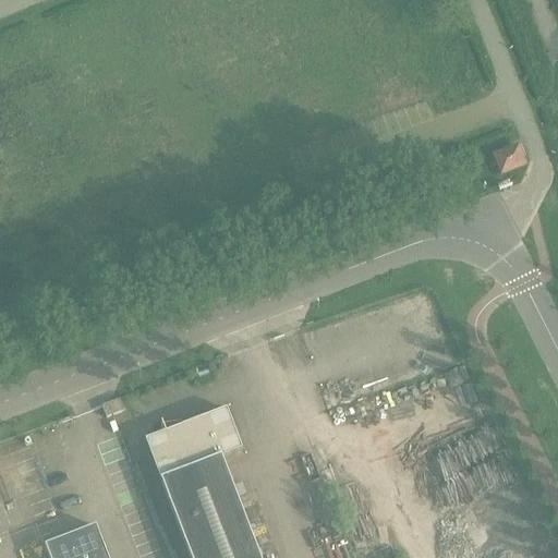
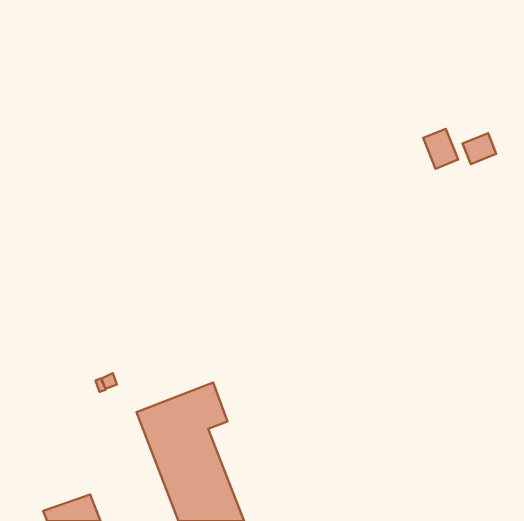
building: none -> [423,129,458,169]

